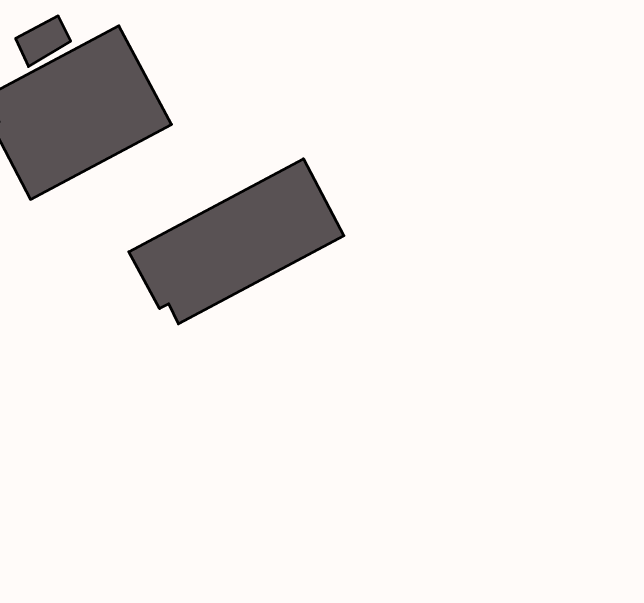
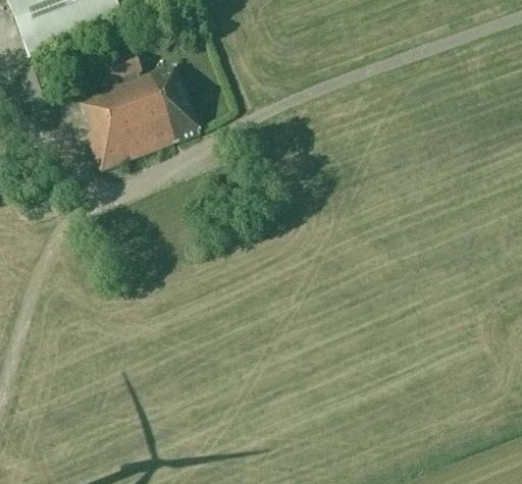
building: [129,159,344,324] -> none

